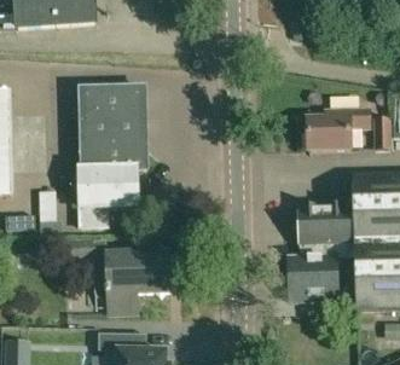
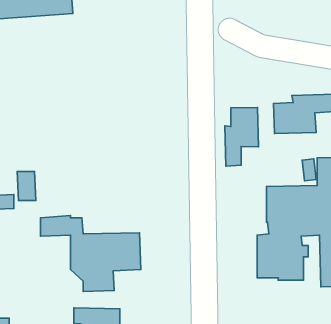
building: [70,87,144,226] -> none
building: none -> [225,107,258,166]

